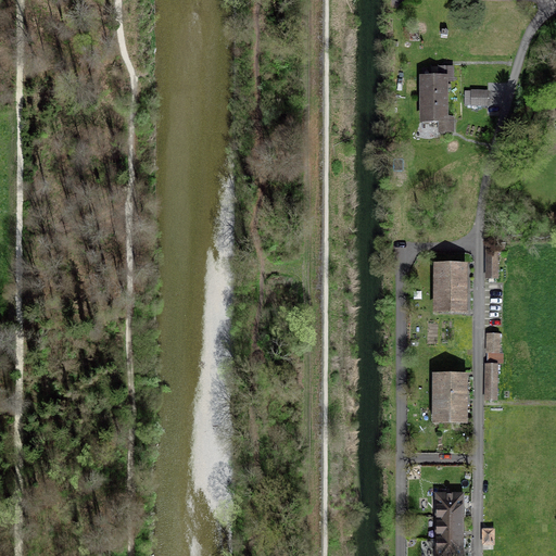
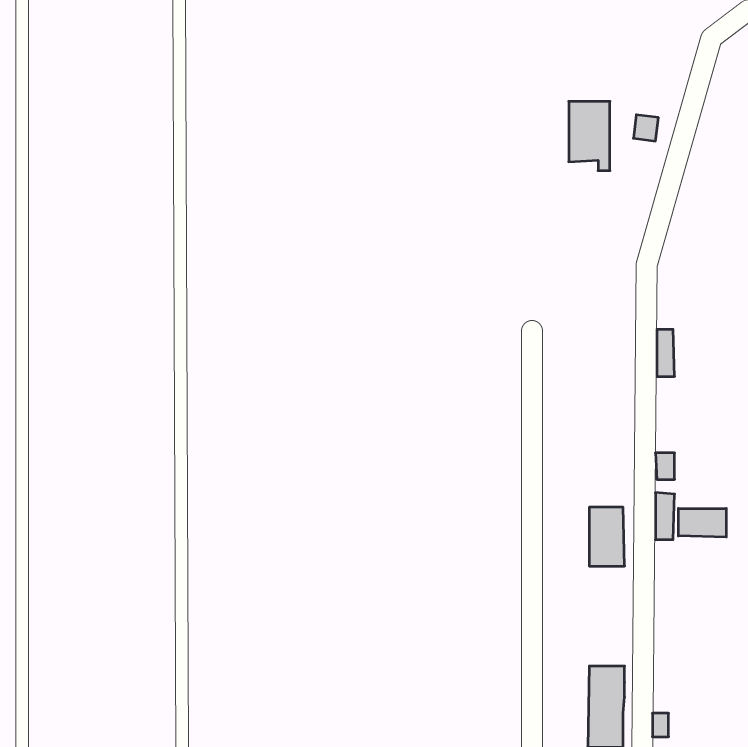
building: [435,264,460,306] -> none
building: none -> [678,508,726,537]

